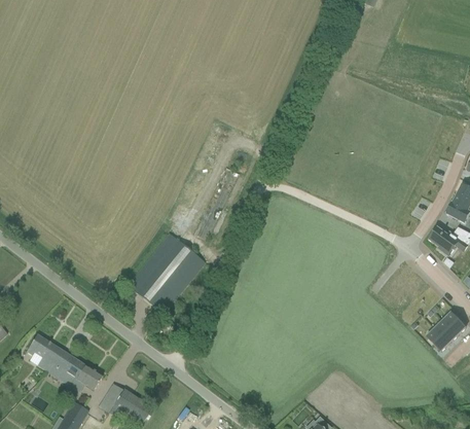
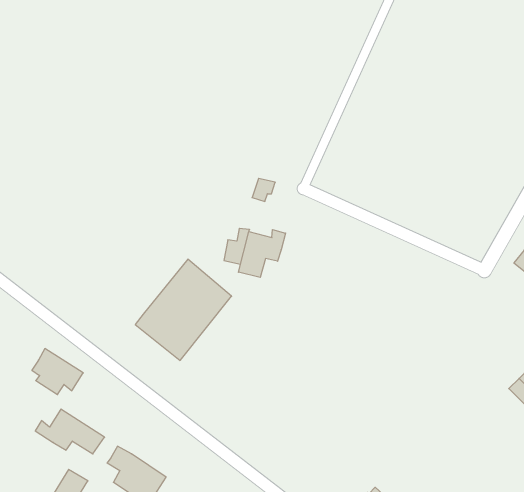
building: none -> [238,230,286,277]
building: [26,333,67,370] -> [32,349,83,395]

